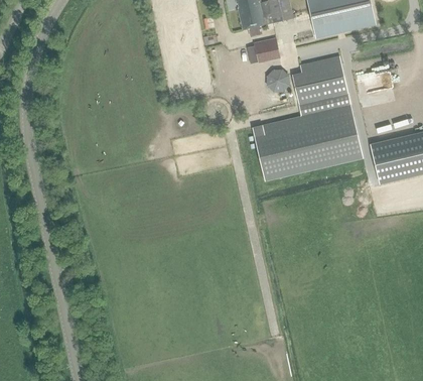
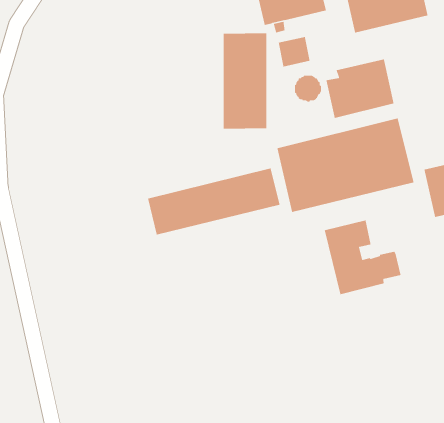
building: none -> [223,32,267,129]
building: none -> [147,168,280,235]
building: none -> [324,220,402,295]

